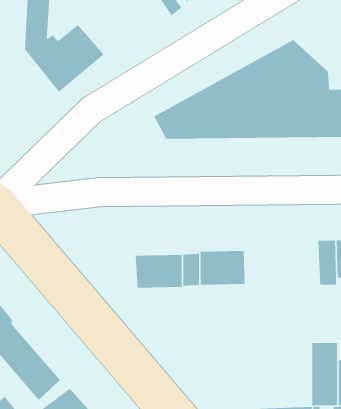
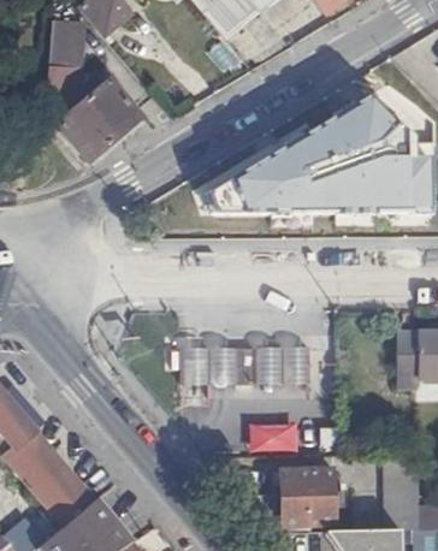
building: none -> [245,420,297,450]
building: none -> [283,469,336,525]

